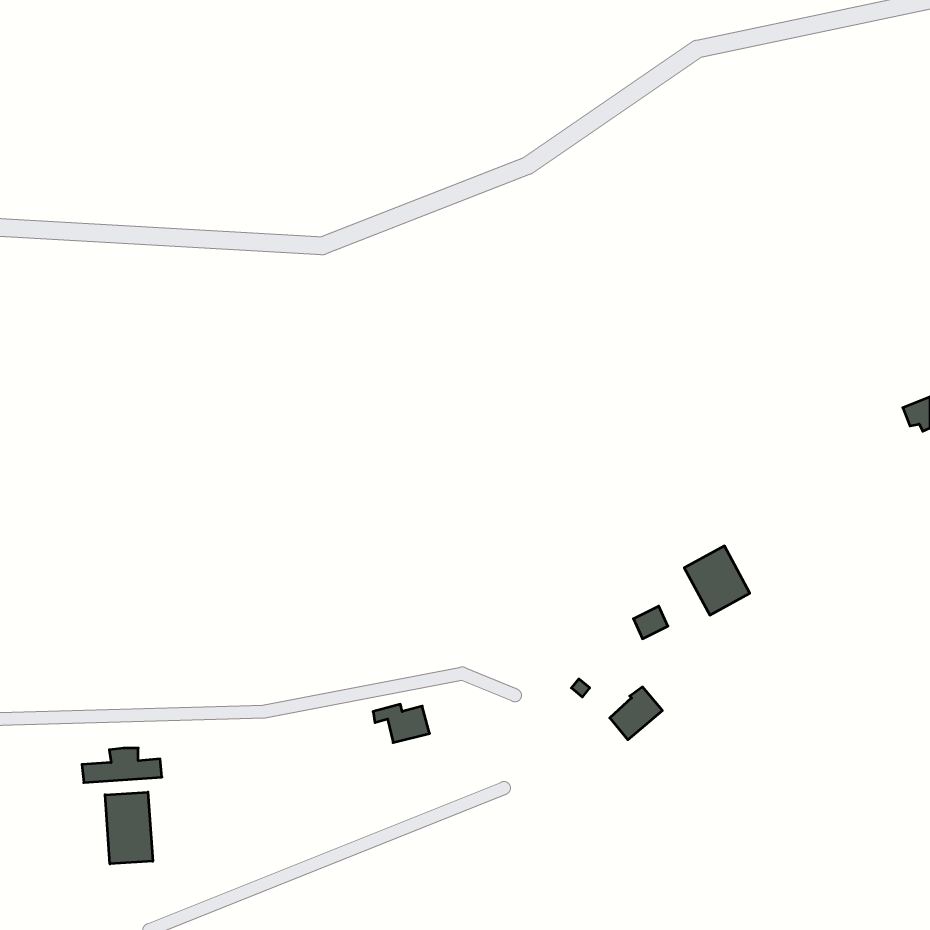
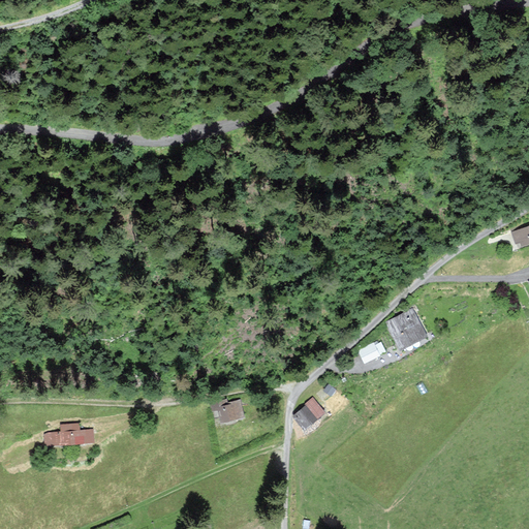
building: [610,687,662,740] -> [294,399,324,429]
building: [105,792,153,864] -> none

